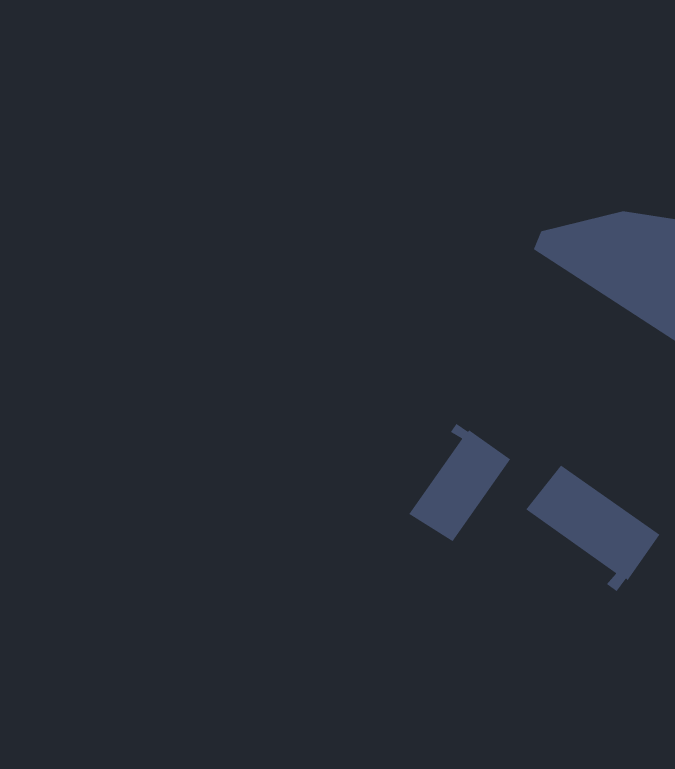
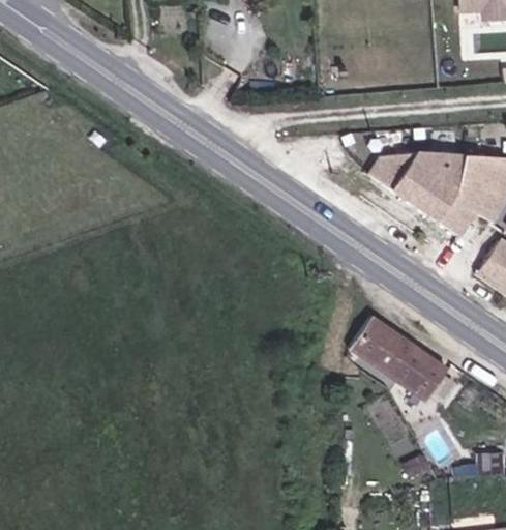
building: [408,423,511,542] -> none

